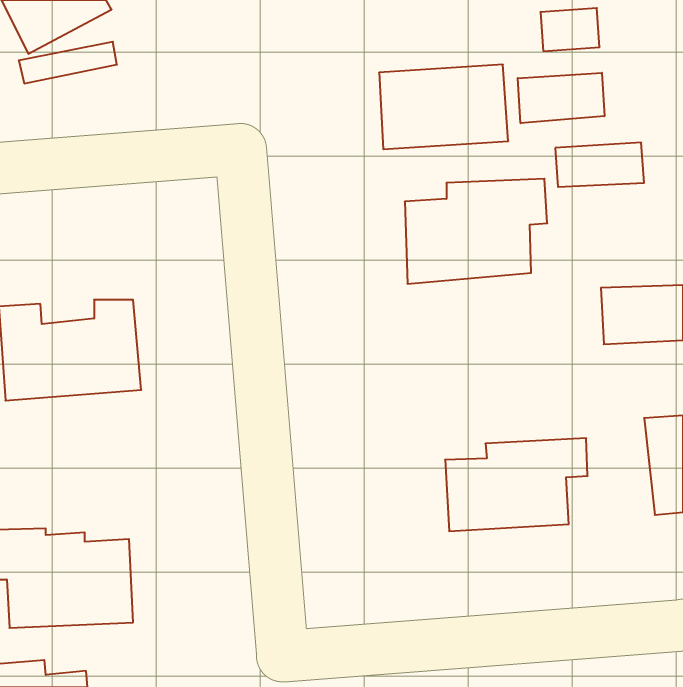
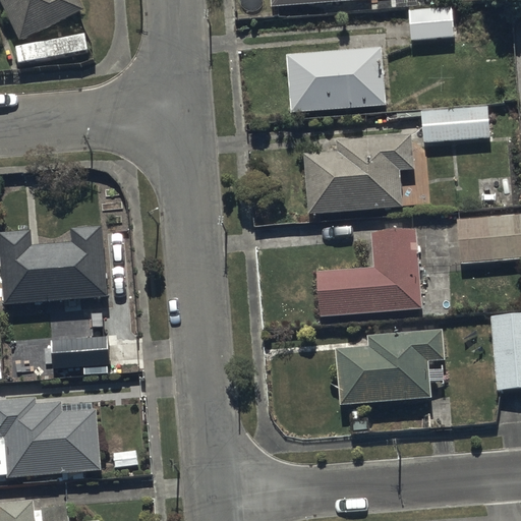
building: [518,73,604,123] -> none
building: none -> [319,230,420,314]
building: none -> [49,337,107,369]

